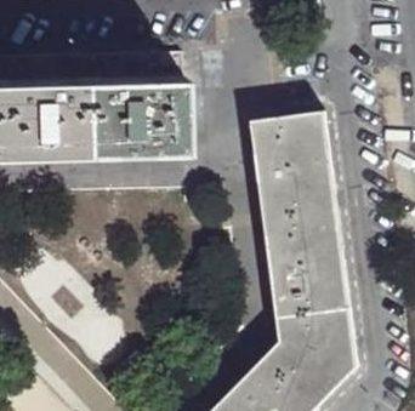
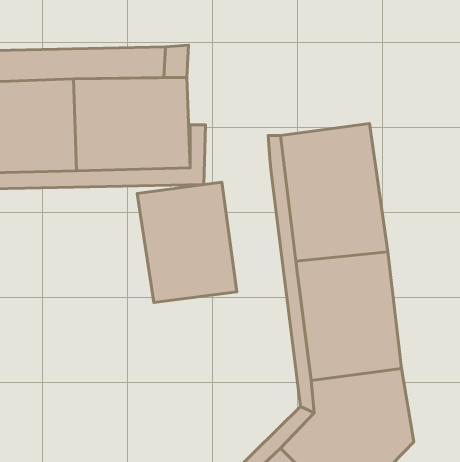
building: none -> [137,182,237,303]

